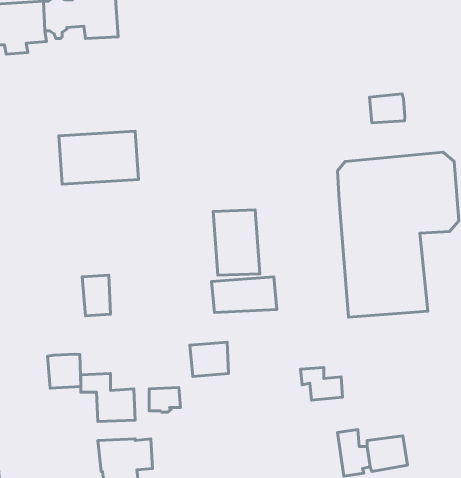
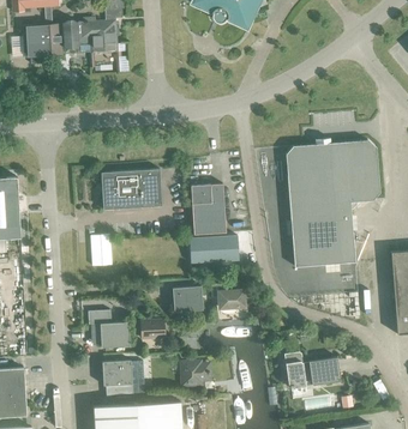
building: [370,94,405,123] -> none
building: [59,131,138,184] -> [101,168,162,209]
building: [47,354,81,388] -> none
building: [301,368,343,400] -> [212,283,245,308]
building: none -> [182,361,210,385]

